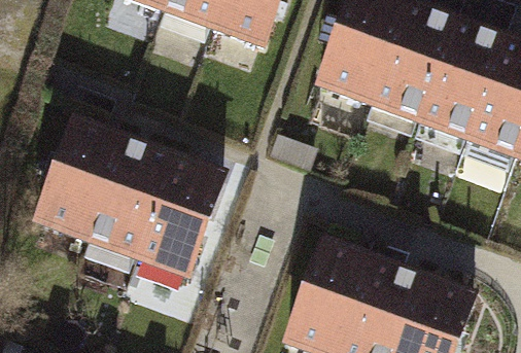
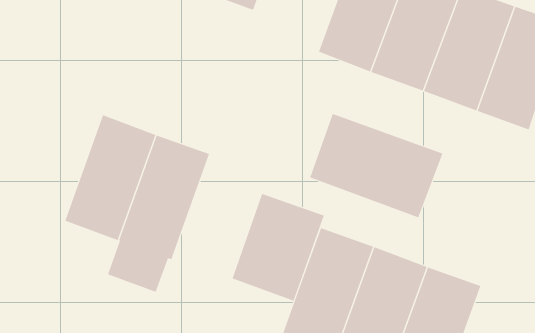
building: [36,122,121,238] -> none
building: none -> [310,113,443,218]
building: none -> [232,193,324,301]

